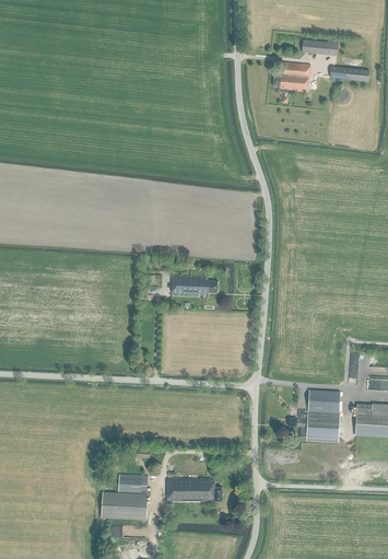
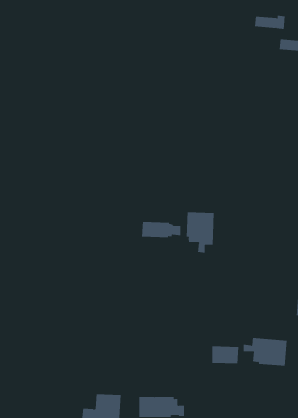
building: [273,61,310,92] -> none
building: none -> [186,211,214,253]
building: [308,389,340,410] -> [212,346,239,364]

